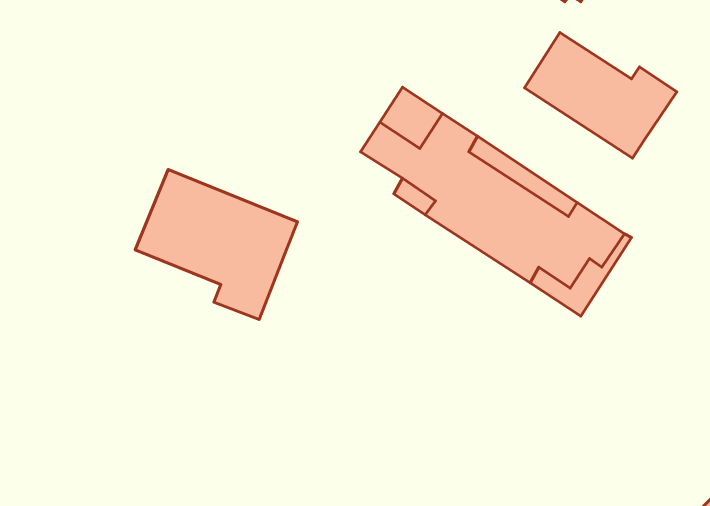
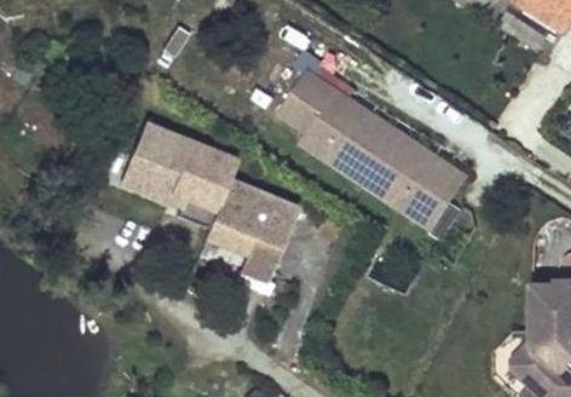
building: [525,33,677,158] -> none
building: none -> [206,182,296,284]

